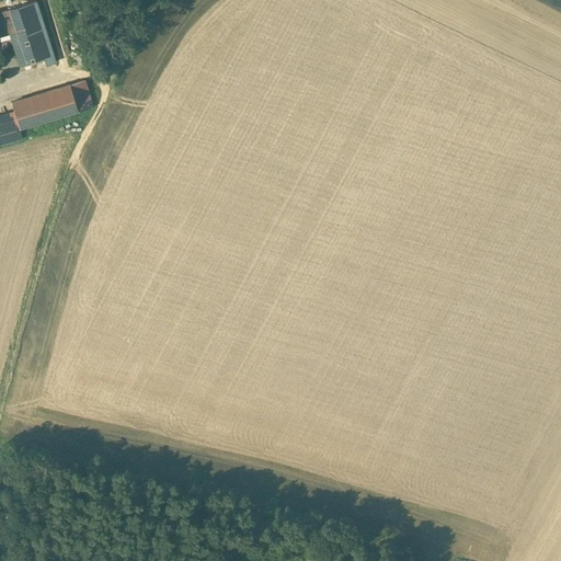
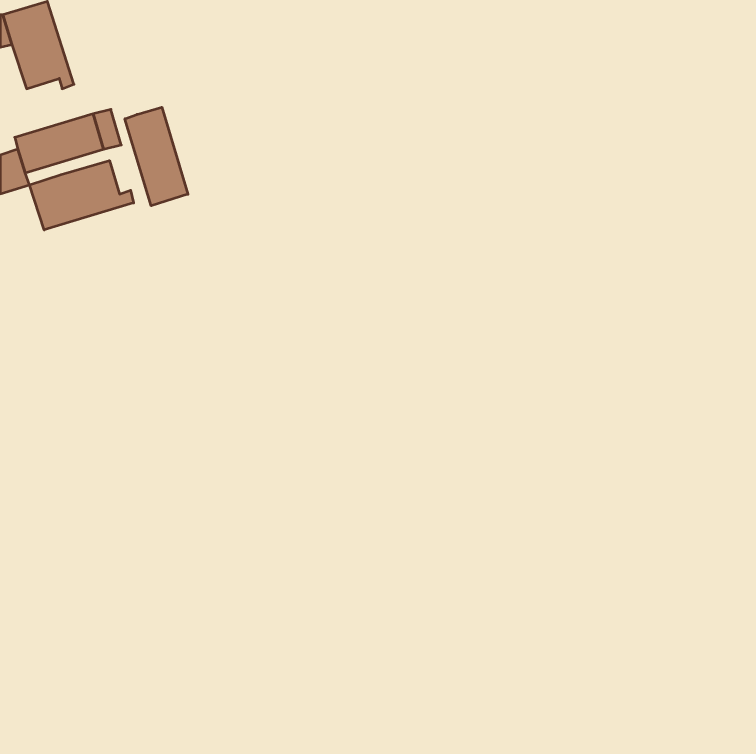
building: none -> [125,107,188,206]
building: none -> [30,161,134,230]

